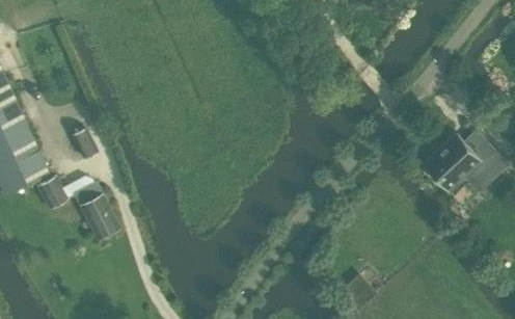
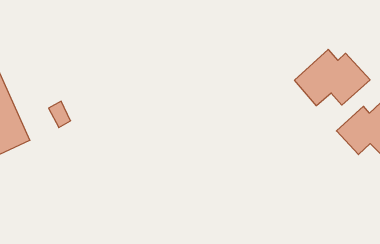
building: none -> [295,49,370,106]
building: [36,174,119,238] -> none

